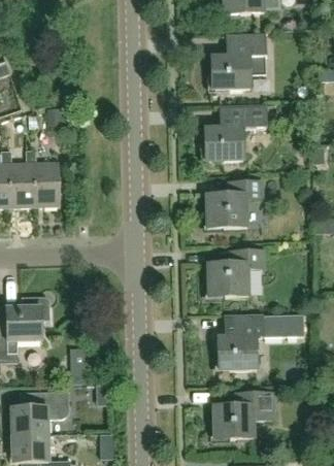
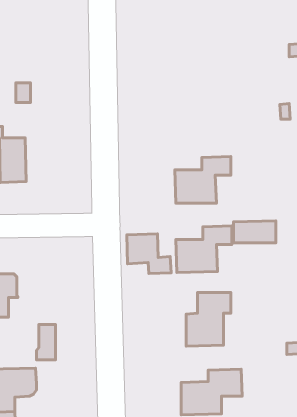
building: [210,34,265,95] -> none
building: [204,105,265,160] -> none
building: none -> [127,234,171,274]
building: [261,314,303,336] -> [233,221,276,243]

